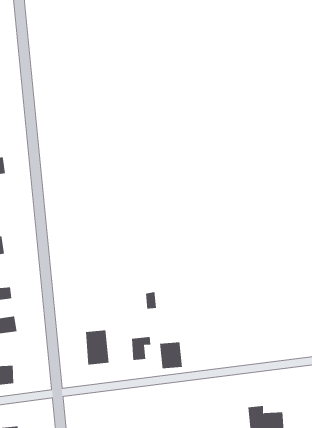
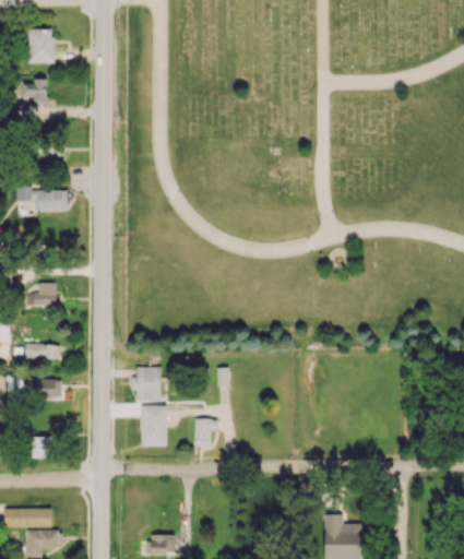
building: none -> [130,367,160,401]
building: [160,341,182,369] -> none

